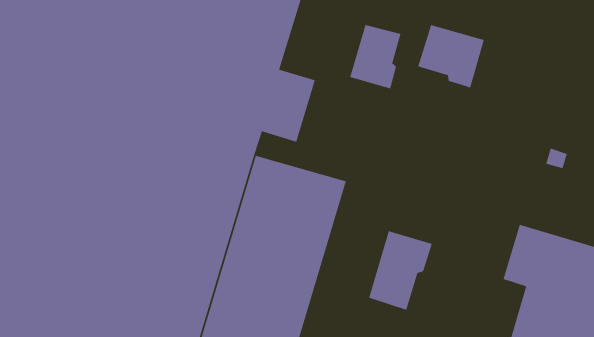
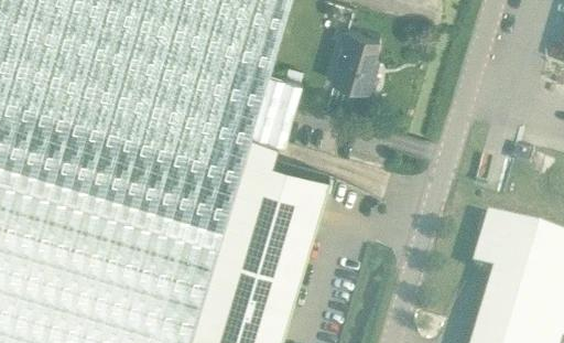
building: [417,24,485,89] -> none
building: [368,230,433,311] -> none

